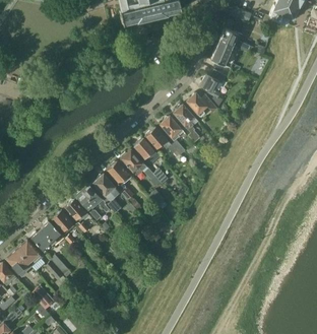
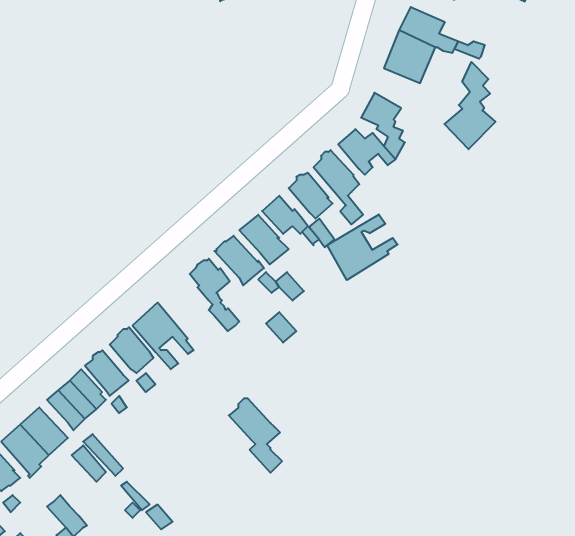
building: none -> [444,62,495,149]
building: none -> [327,214,398,280]
building: [93,174,122,213] -> [229,398,282,473]

